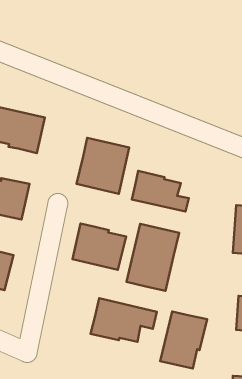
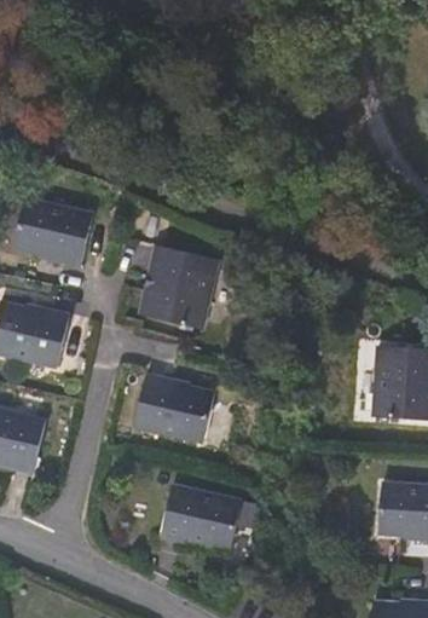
building: [132,171,189,212] -> none
building: [126,224,179,291] -> none
building: [160,311,207,369] -> none

